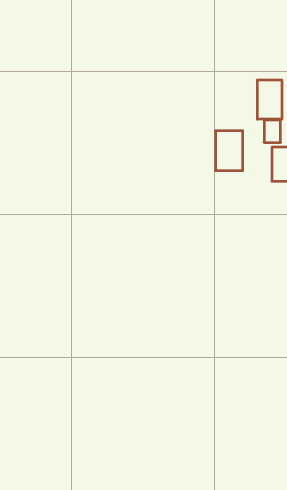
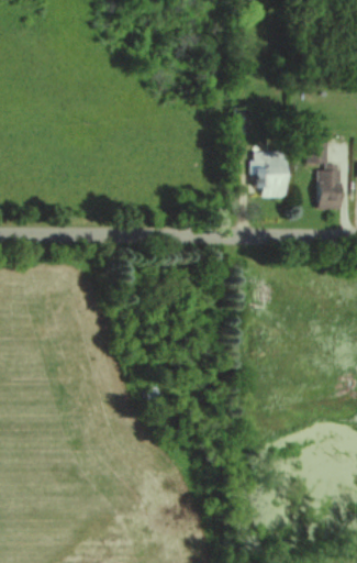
building: [257,80,282,119] -> none

